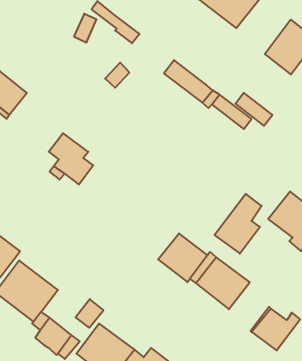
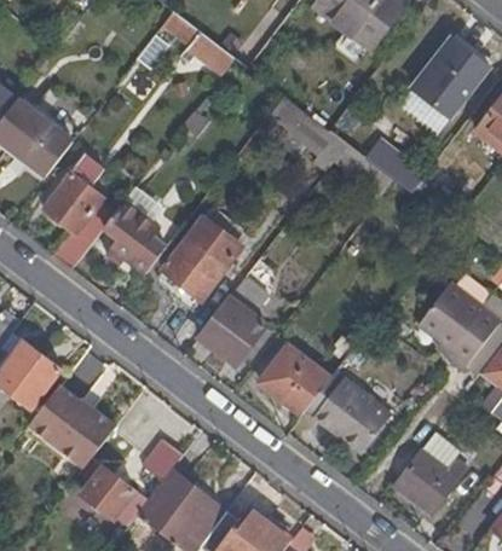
building: none -> [44,155,111,265]
building: none -> [158,216,242,309]
building: [215,194,262,254] -> [201,278,269,364]

